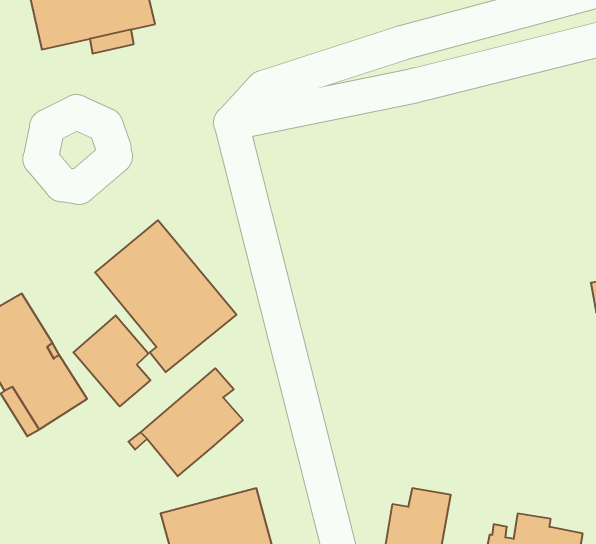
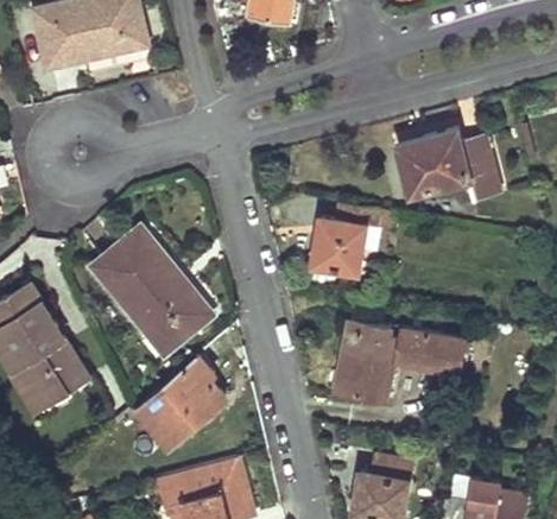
building: none -> [399,133,500,200]
building: none -> [314,205,384,274]
building: [73,315,150,406] -> none
building: none -> [341,321,464,401]

